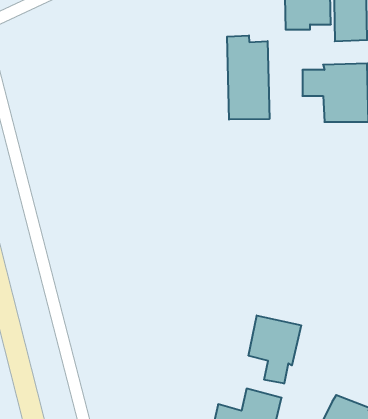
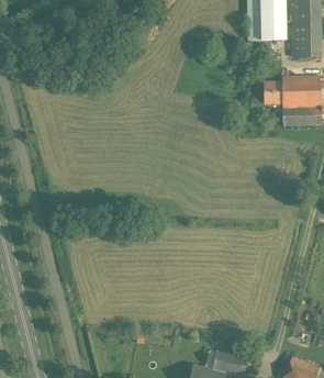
building: [227,35,269,120] -> none
building: [249,315,301,384] -> none

